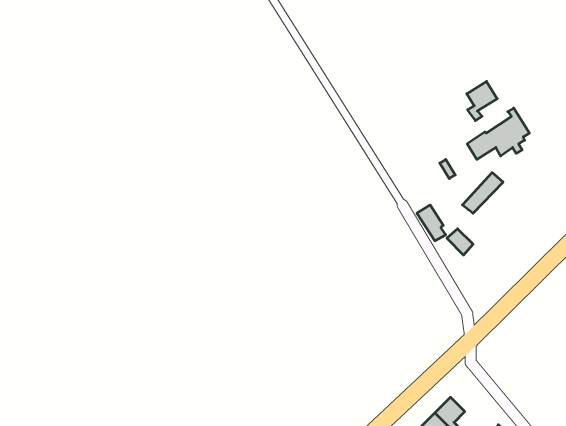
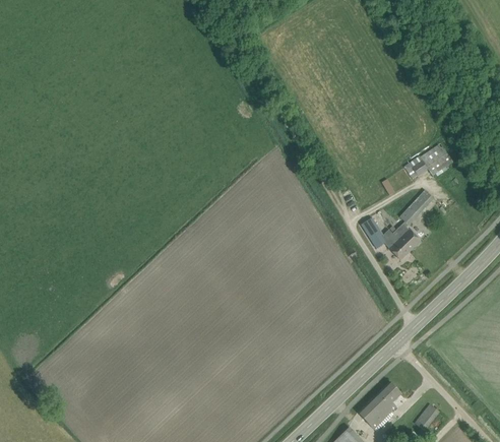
building: [467,81,497,121] -> none
building: none -> [392,222,420,251]

